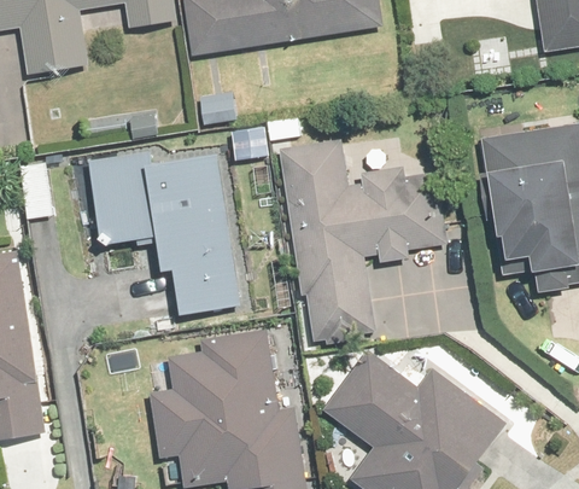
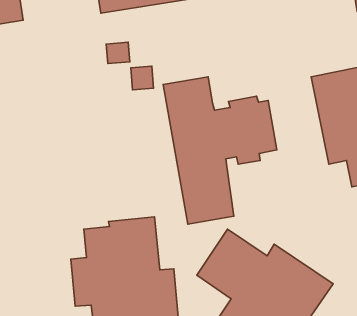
building: [89,151,240,314] -> none

